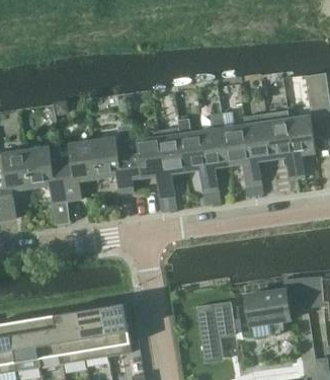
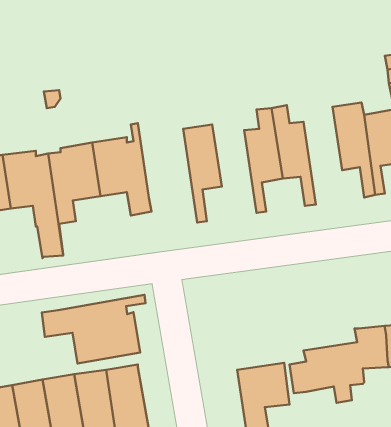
building: [244,113,273,185] -> none
building: [177,118,211,193] -> none
building: [123,125,167,200] -> none
building: none -> [42,295,146,363]

